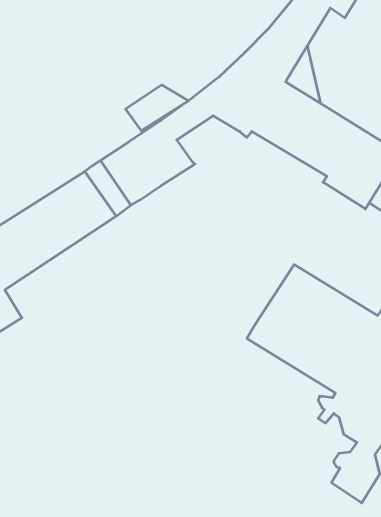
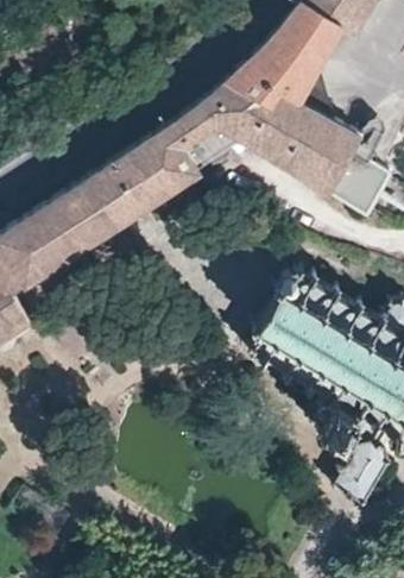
building: [126,85,189,131] -> [179,125,241,170]

